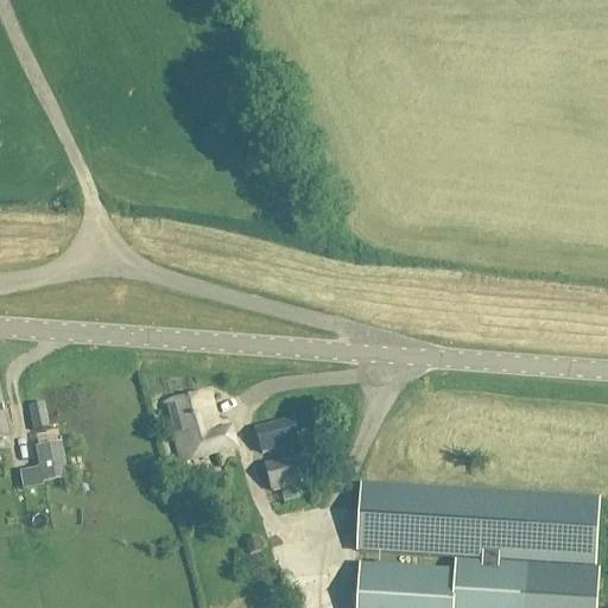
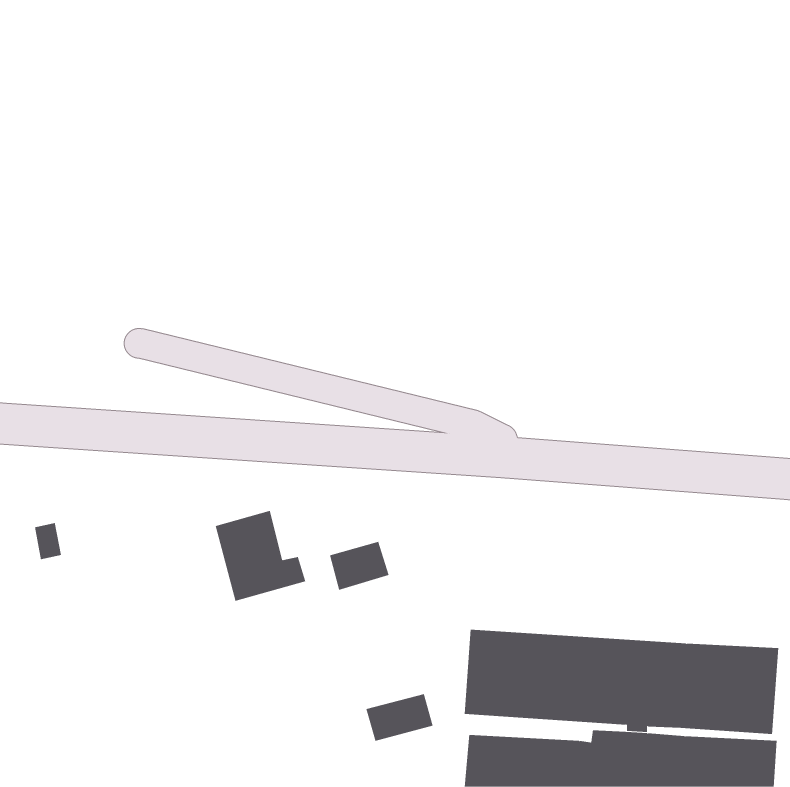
building: [33,441,68,482] -> none
building: [264,451,316,488] -> [366,693,434,741]

